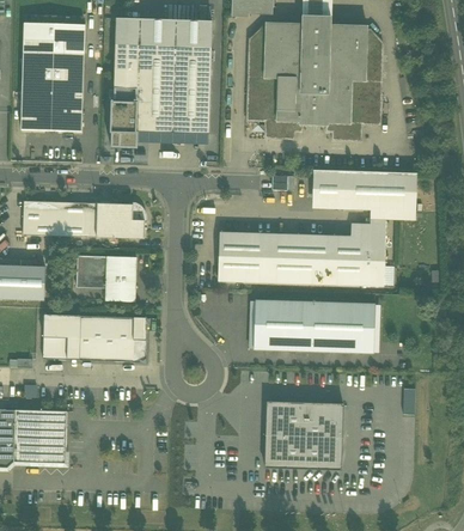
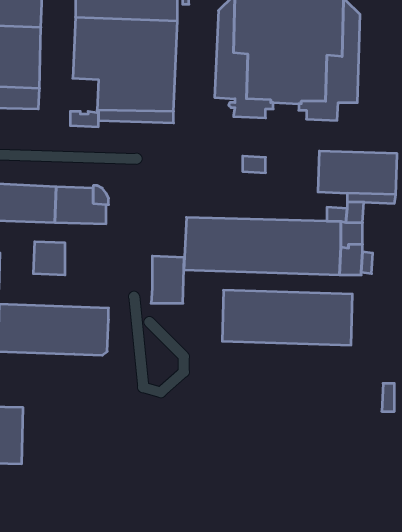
building: [110,102,136,135] -> none
building: [311,170,343,208] -> none
building: [104,256,135,300] -> [151,256,184,303]
building: [264,401,342,469] -> none

